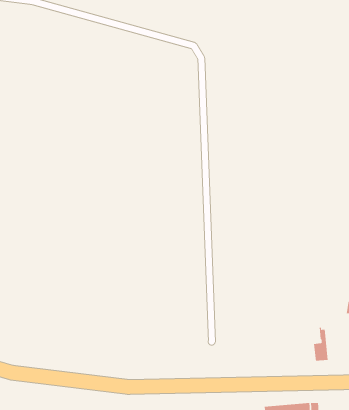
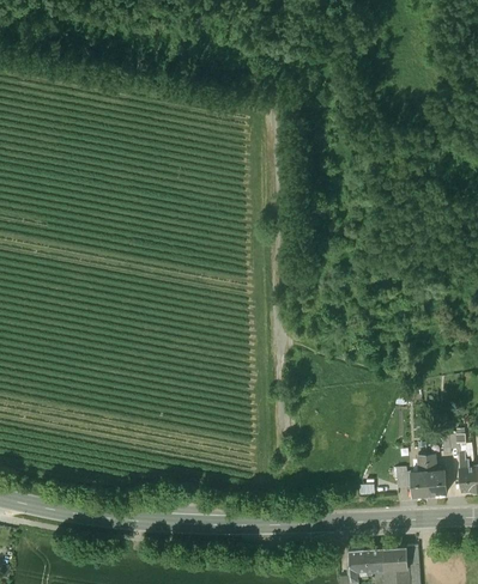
building: none -> [426,452,448,494]

